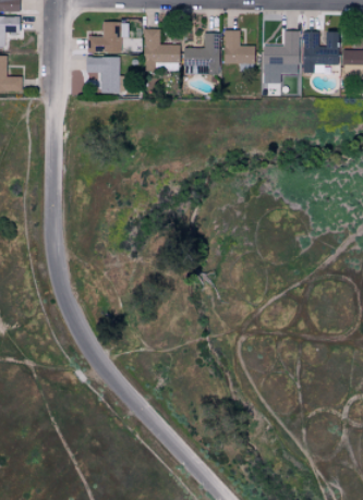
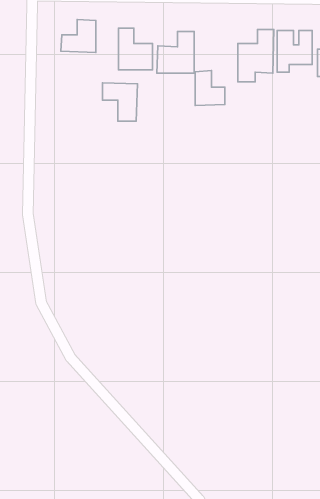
building: [225,29,254,64] -> [195,71,225,106]
building: [86,56,121,94] -> [102,83,137,121]

